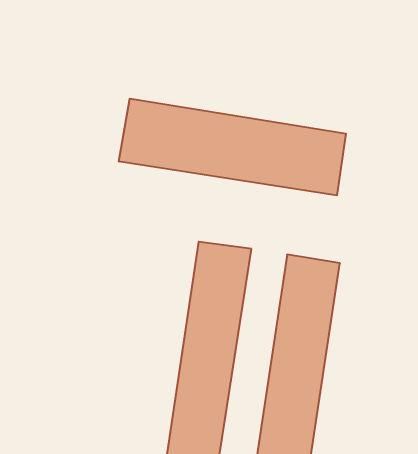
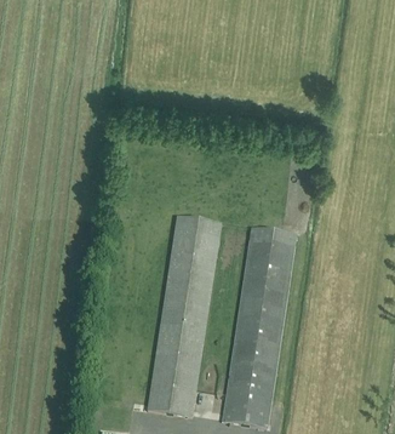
building: [119,99,346,195] -> none

